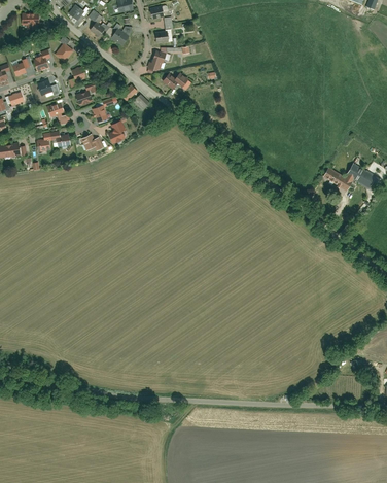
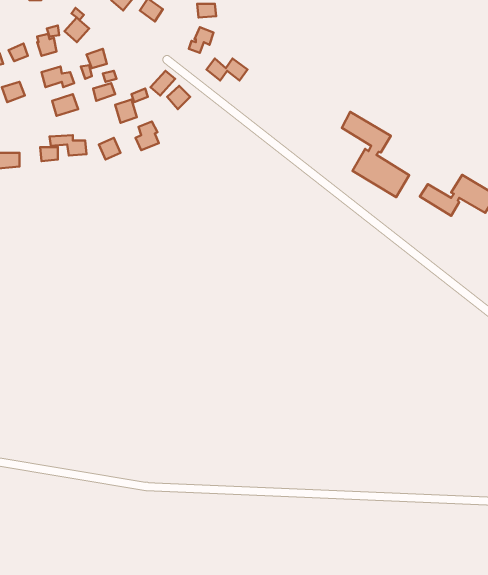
building: none -> [342,112,409,197]

